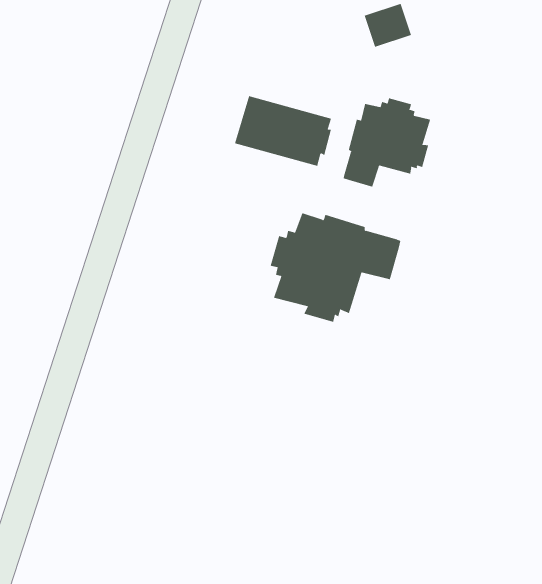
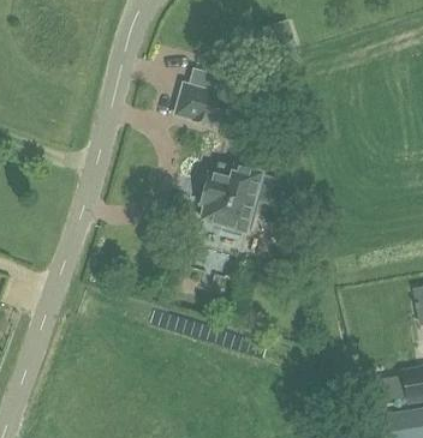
building: [343,98,431,187] -> none

